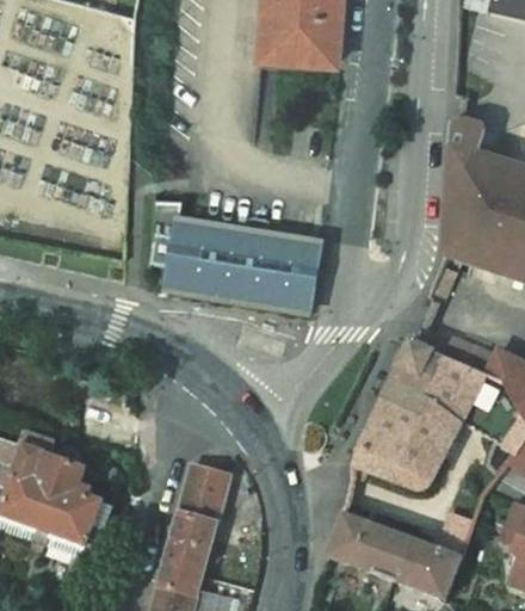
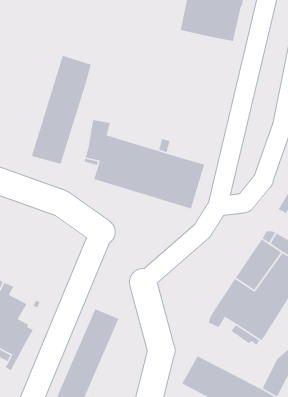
building: none -> [31,55,92,165]

